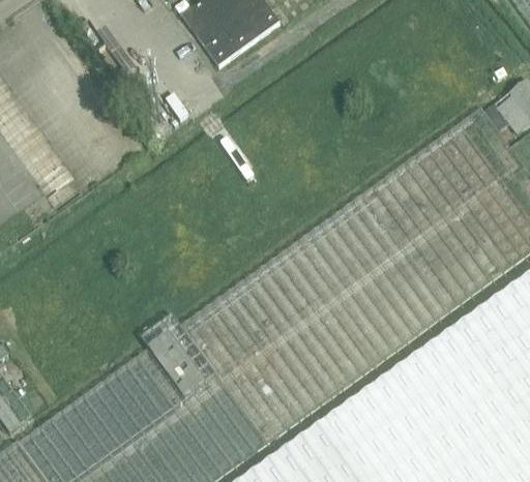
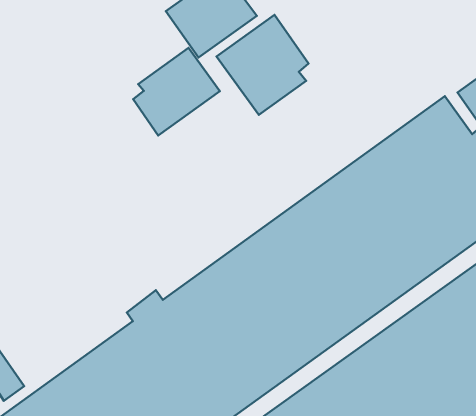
building: none -> [217,15,309,115]
building: none -> [133,48,220,135]

